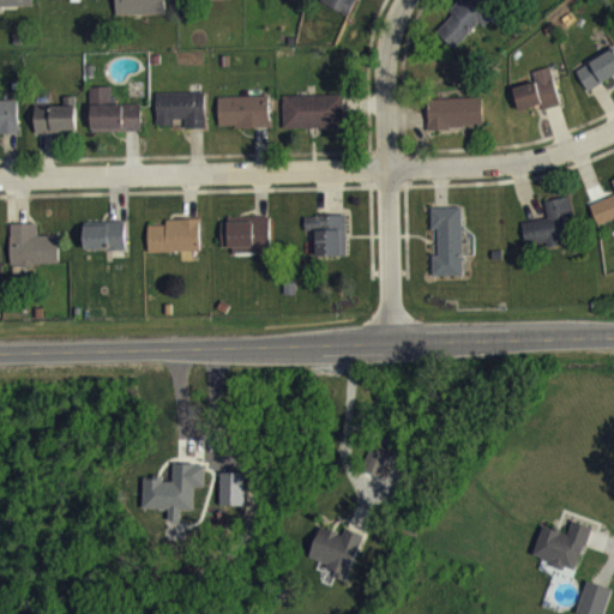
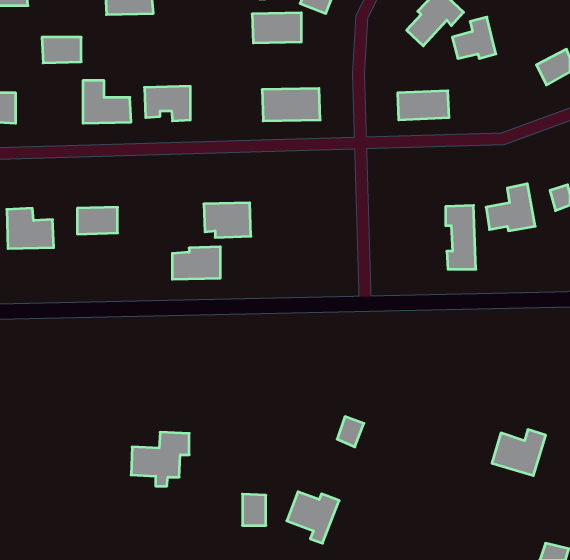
building: [512,66,559,110] -> [452,17,496,58]
building: [216,96,269,128] -> [252,13,301,43]
building: [32,106,74,133] -> [42,37,81,63]
building: [429,207,462,276] -> [446,205,476,269]
building: [302,215,344,257] -> none
building: [146,218,198,253] -> [172,247,220,279]
building: [218,472,243,506] -> [242,494,266,525]
building: [531,522,589,571] -> [492,430,546,476]

